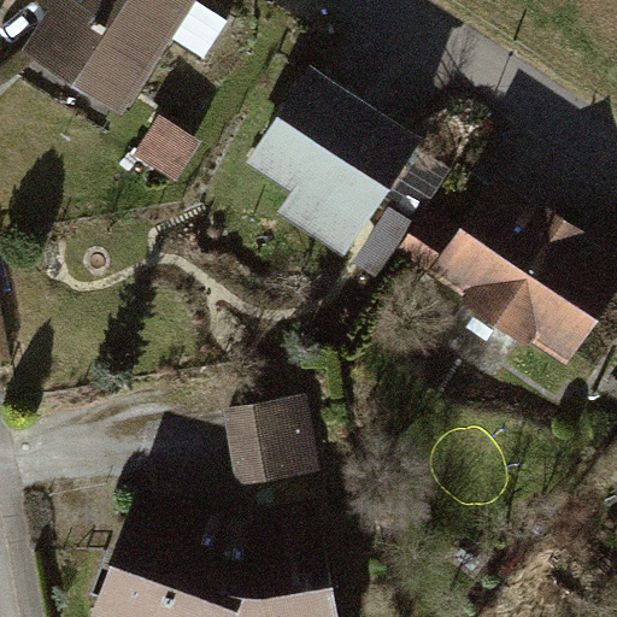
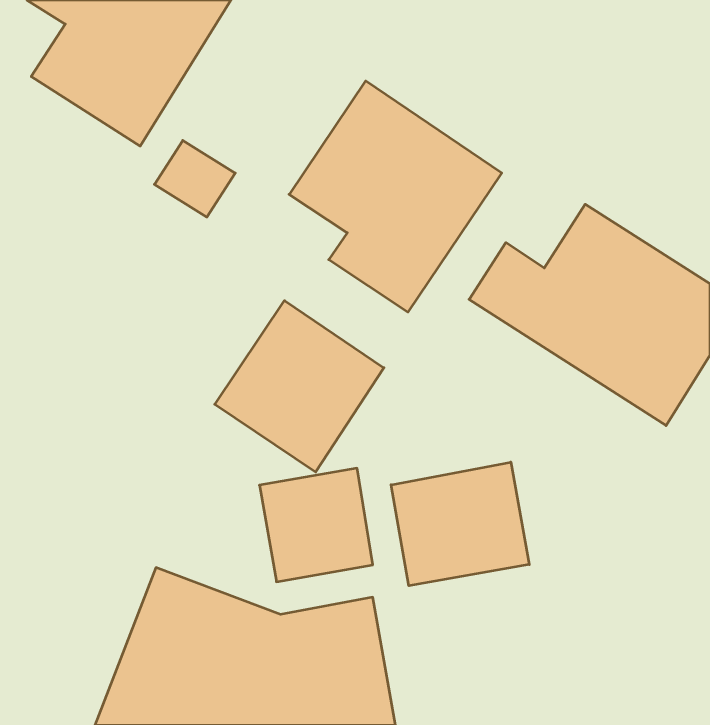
building: none -> [215,301,384,472]
building: none -> [391,462,529,586]

